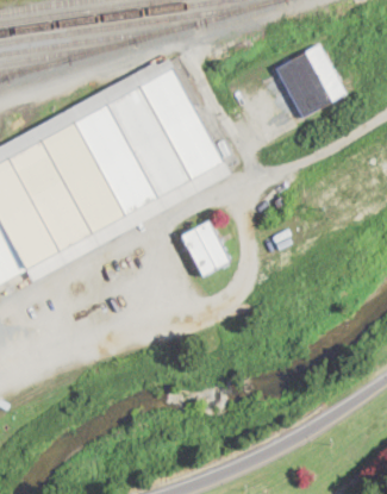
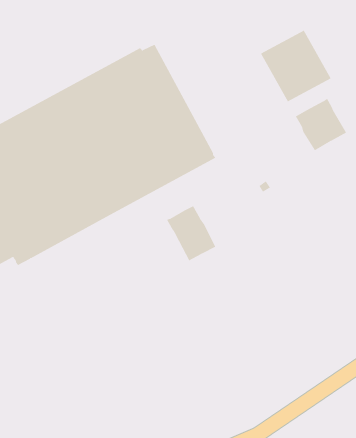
building: none -> [295,98,347,151]

